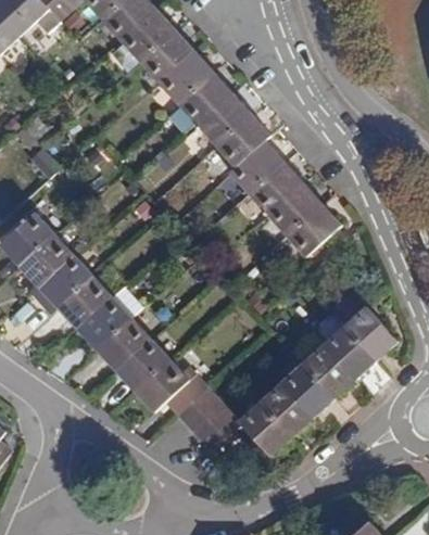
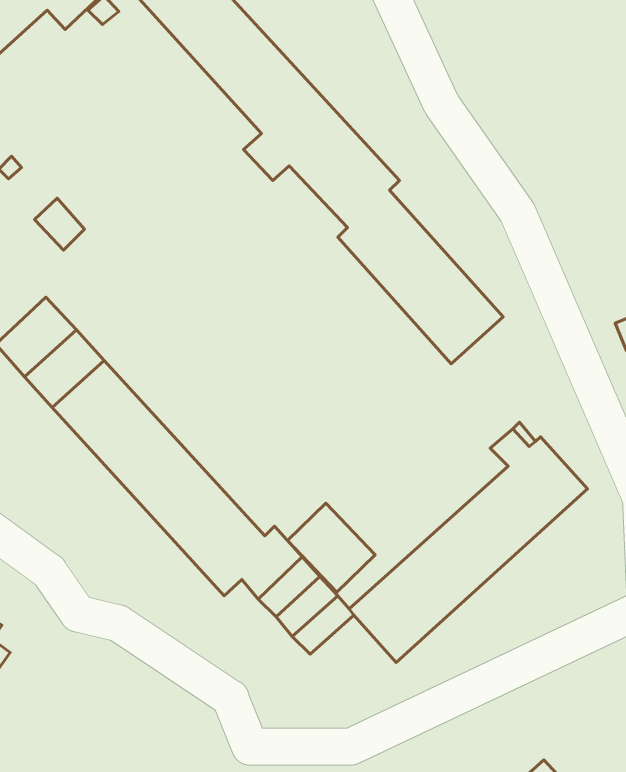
building: none -> [287,503,375,592]

